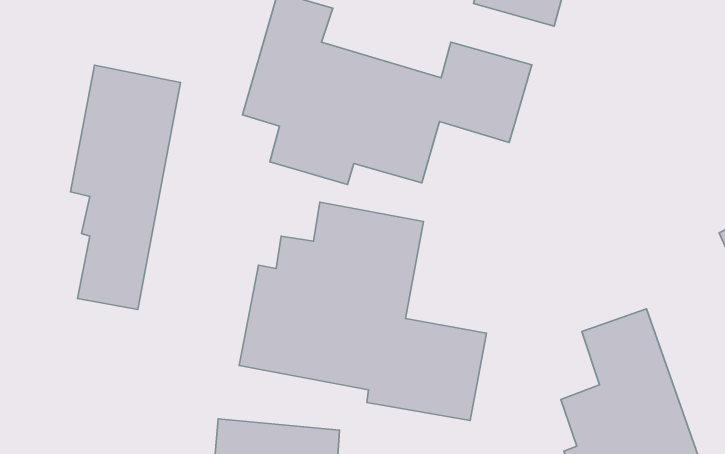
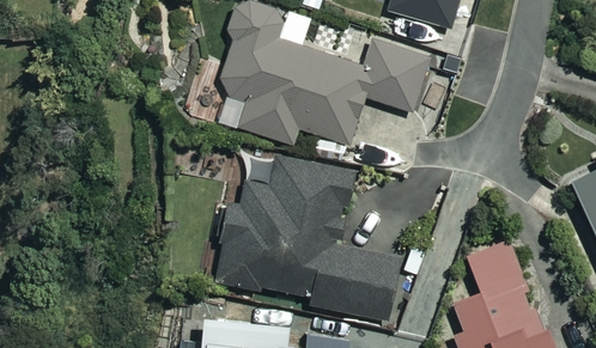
building: [70,65,180,309] -> none

